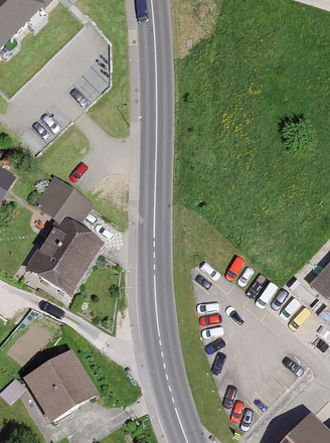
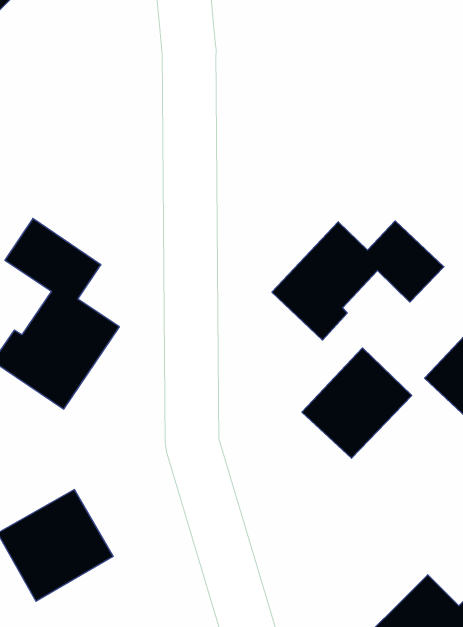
building: none -> [272,221,444,340]
building: none -> [302,348,412,458]

